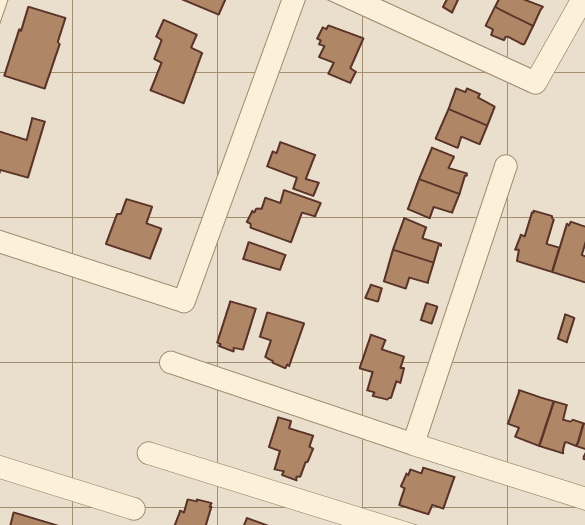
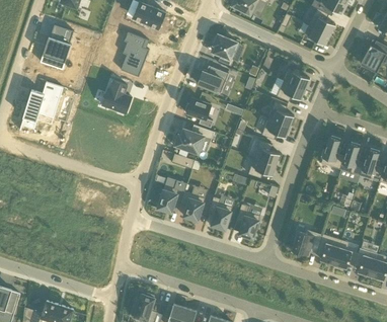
building: none -> [196,66,227,93]
building: [106,199,161,259] -> [100,81,131,113]
building: [269,417,313,480] -> [207,196,231,231]
building: [399,468,455,514] -> [291,230,321,255]

